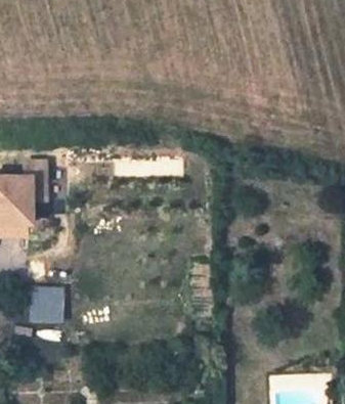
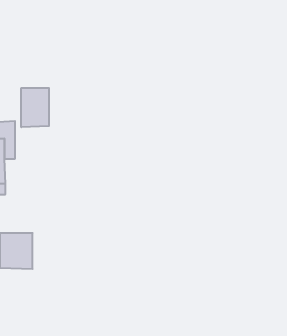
building: none -> [21,88,49,127]

